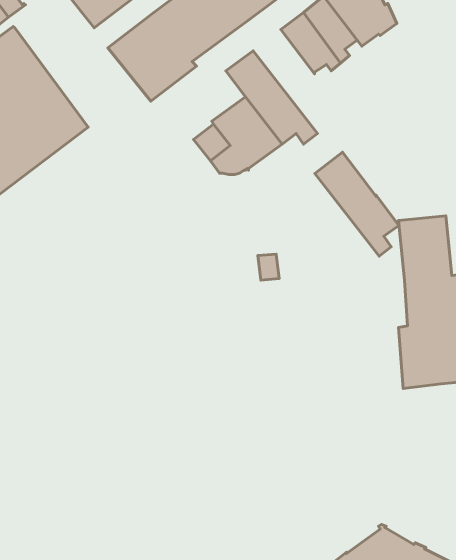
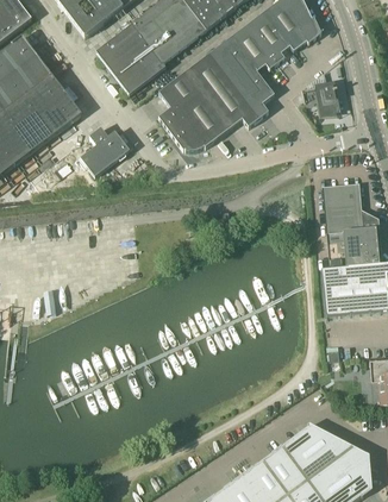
building: none -> [157,69,202,123]
building: none -> [301,81,339,112]
building: none -> [80,126,127,175]
building: [315,152,399,256] -> [208,37,274,118]

